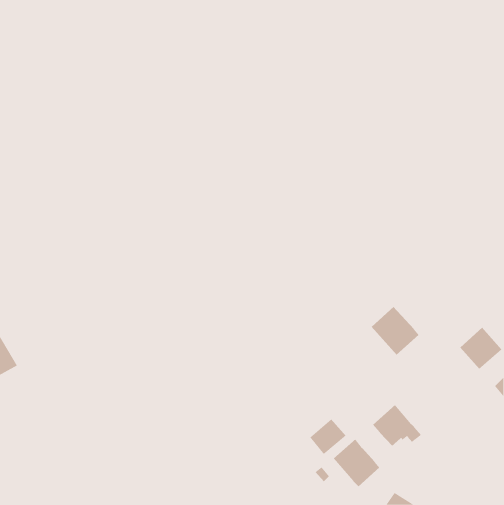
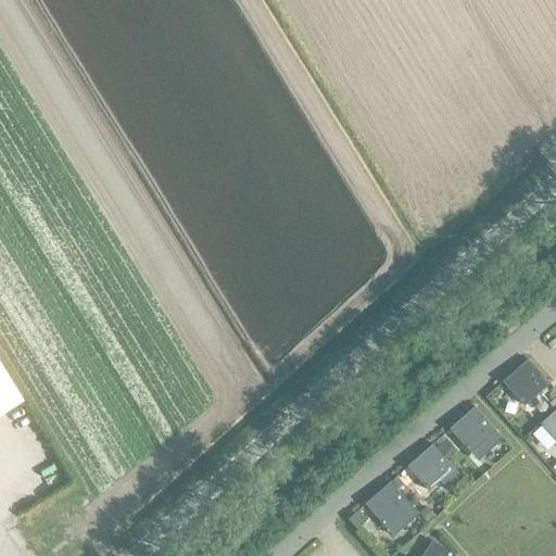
building: [371,306,419,356] -> [450,405,503,459]
building: [309,418,346,455] -> none

